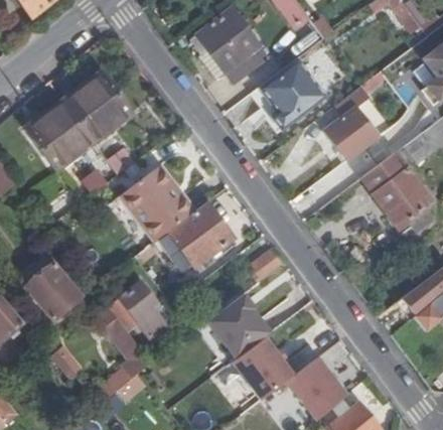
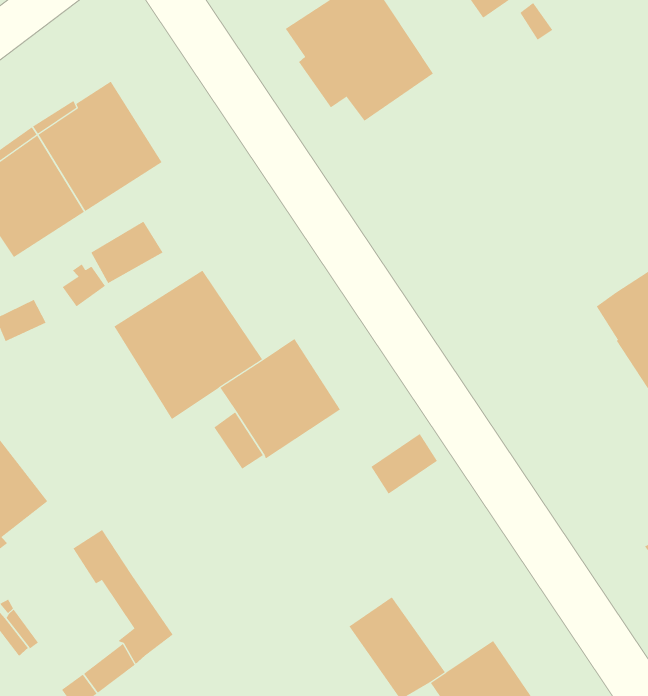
building: [254,58,328,129] -> none
building: [326,88,379,161] -> none
building: [109,282,167,341] -> none
building: [206,293,270,357] -> none

